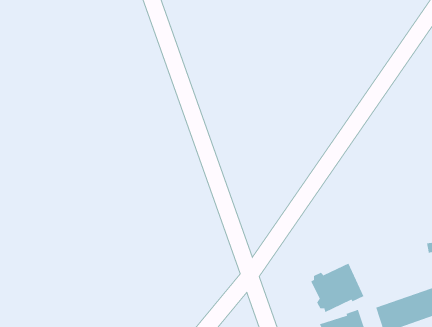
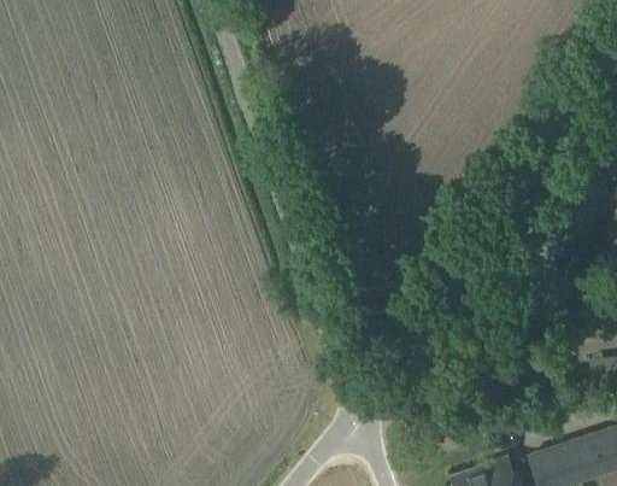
building: [310,263,364,313] -> none

